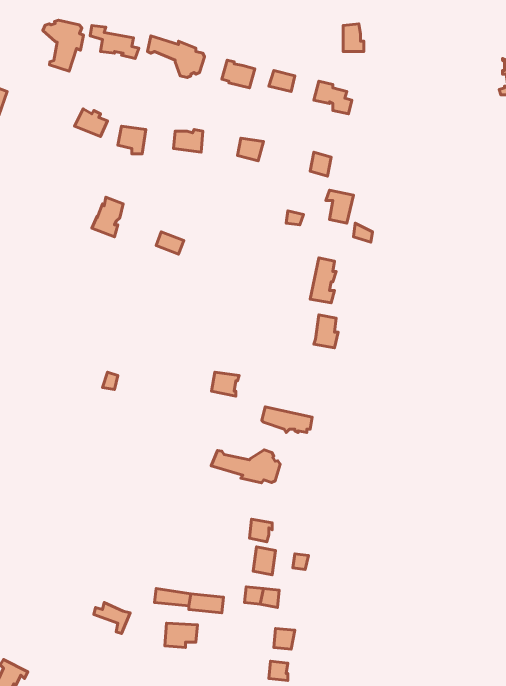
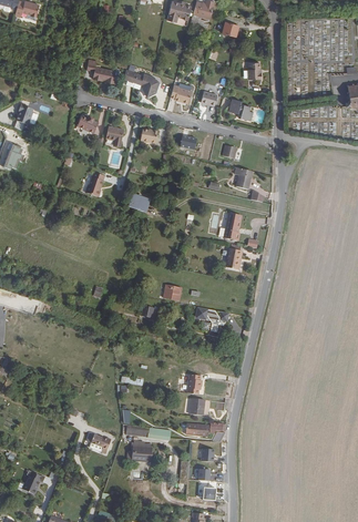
building: [43,20,83,71] -> none
building: [211,450,280,483] -> none

